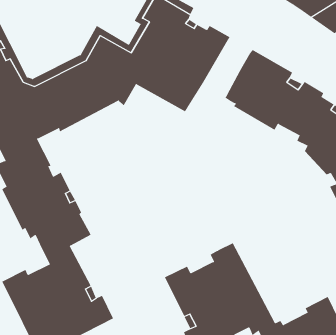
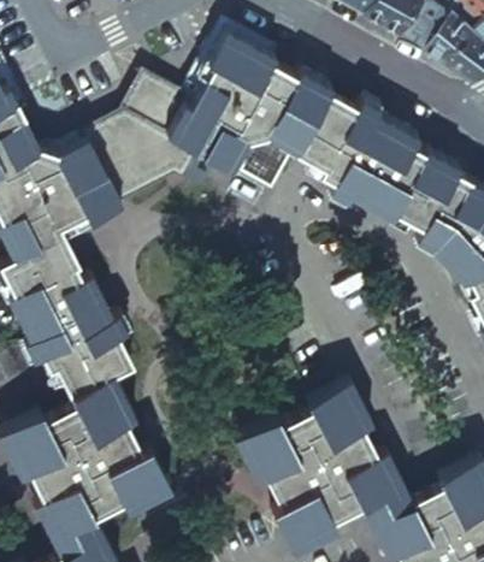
building: none -> [291,95,355,172]

